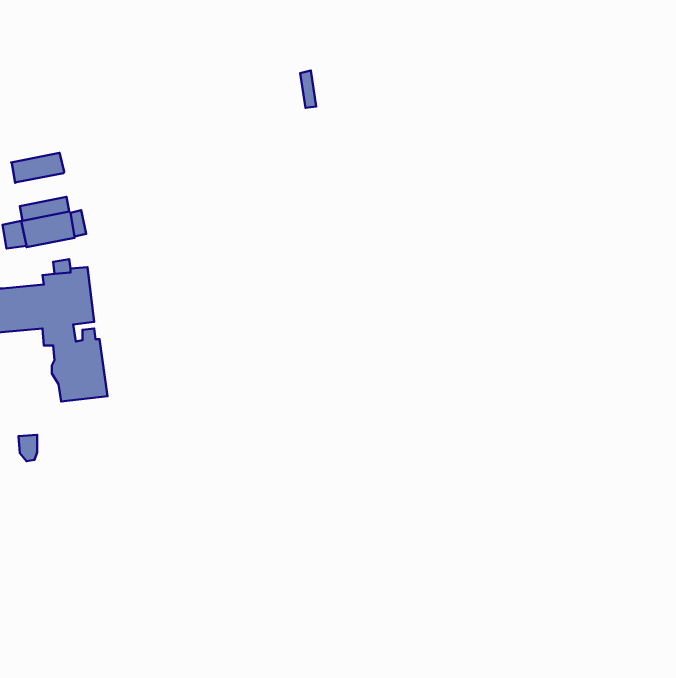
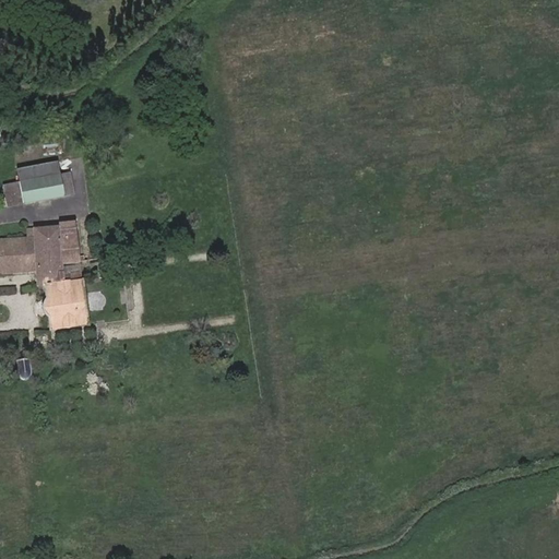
building: [11,153,64,183] -> none

